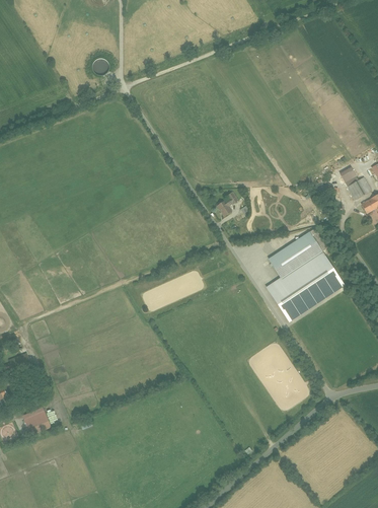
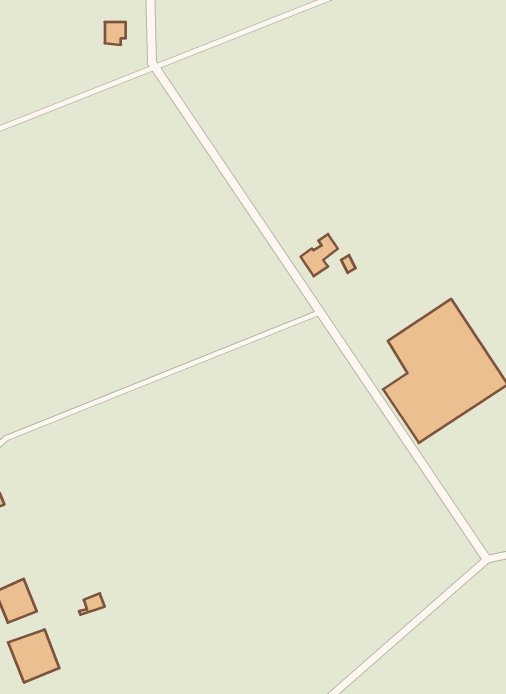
building: none -> [8,629,59,683]

